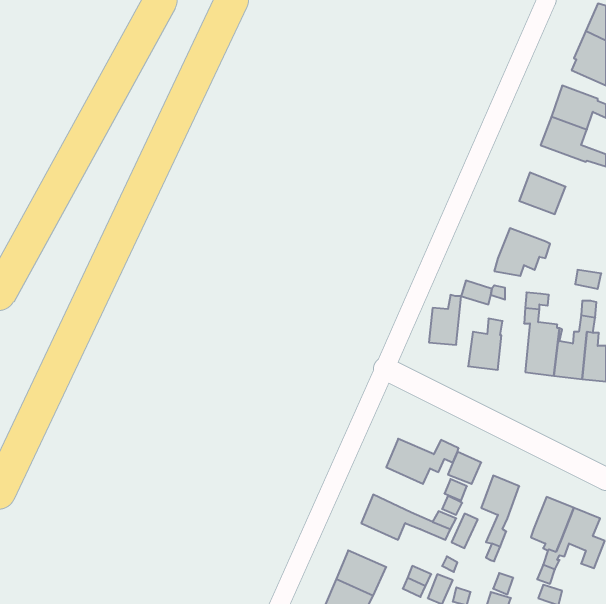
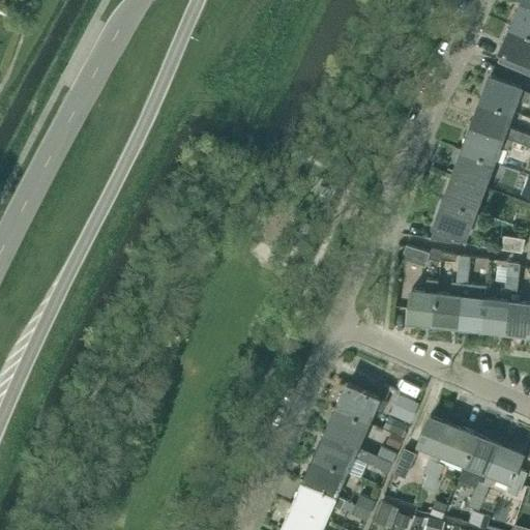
building: none -> [462,129,510,166]
building: none -> [444,178,483,213]
building: [429,295,461,345] -> [434,284,462,327]
building: none -> [325,410,369,449]
building: none -> [442,426,476,464]
building: none -> [303,459,347,497]

